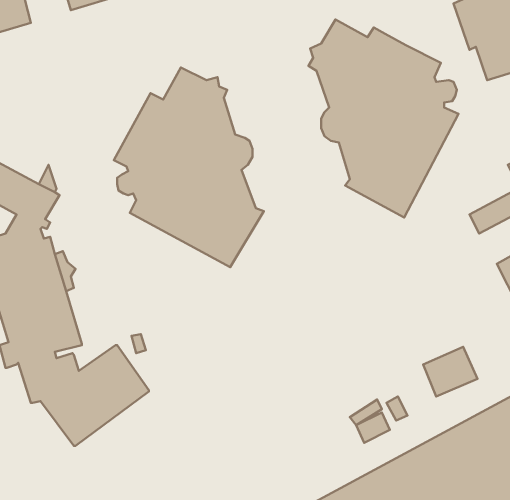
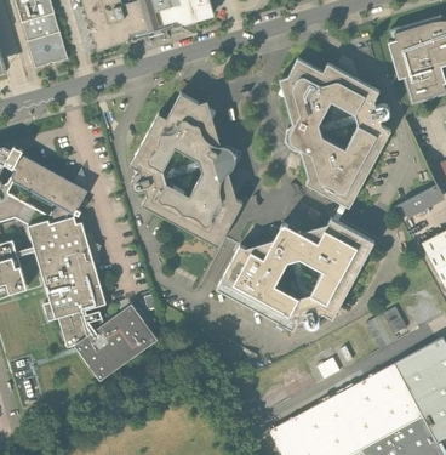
building: none -> [216,220,374,330]

